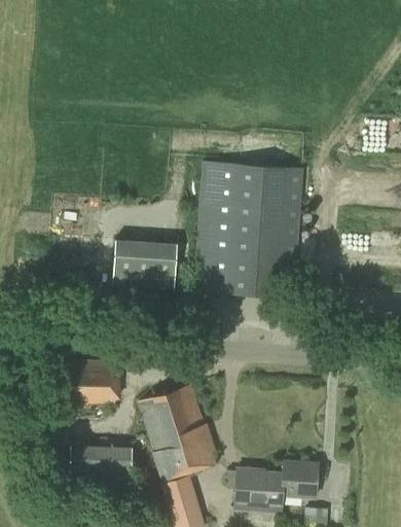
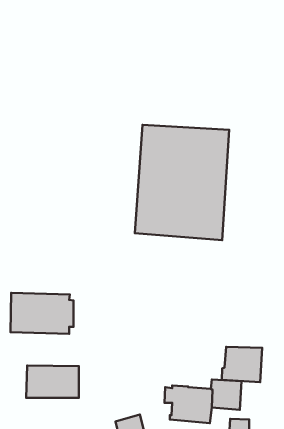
building: [110,239,175,287] -> none
building: [139,384,221,505] -> none
building: none -> [222,347,262,382]

